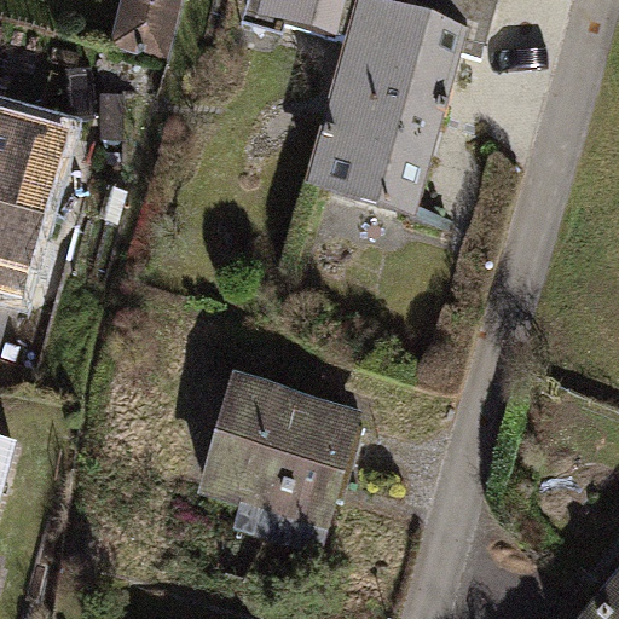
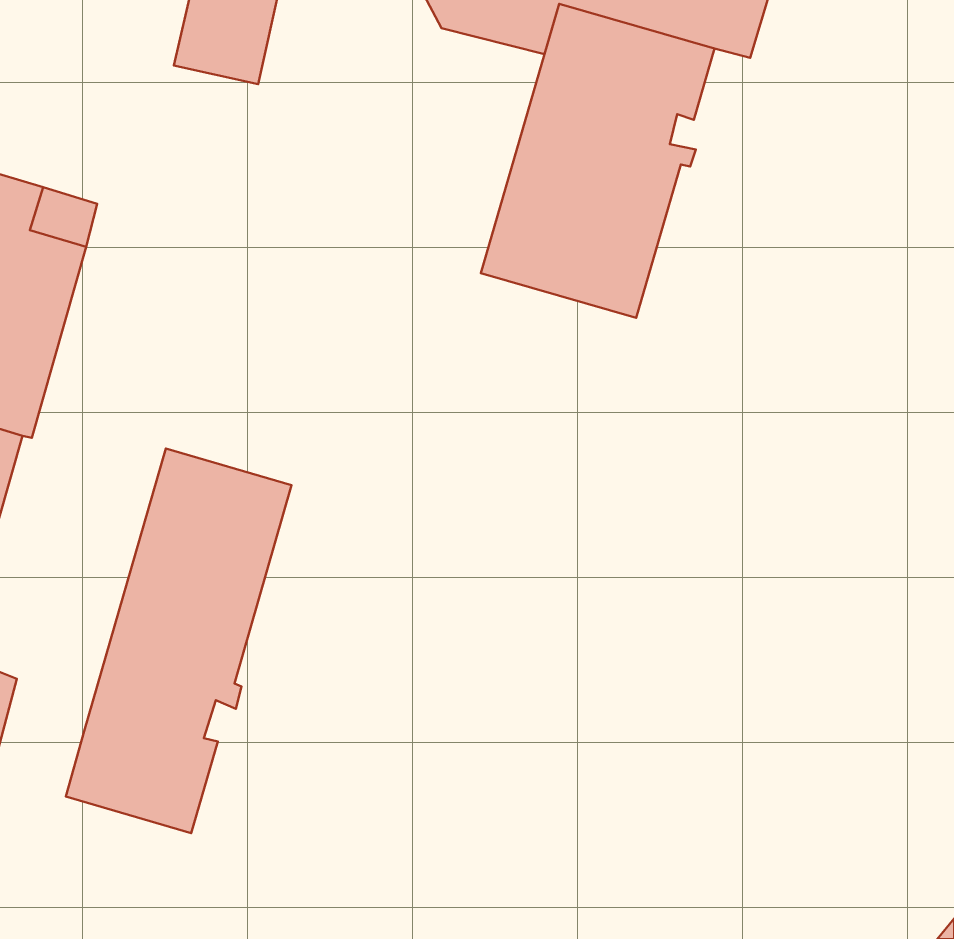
building: none -> [66,449,292,833]
building: [206,377,363,542] -> none

